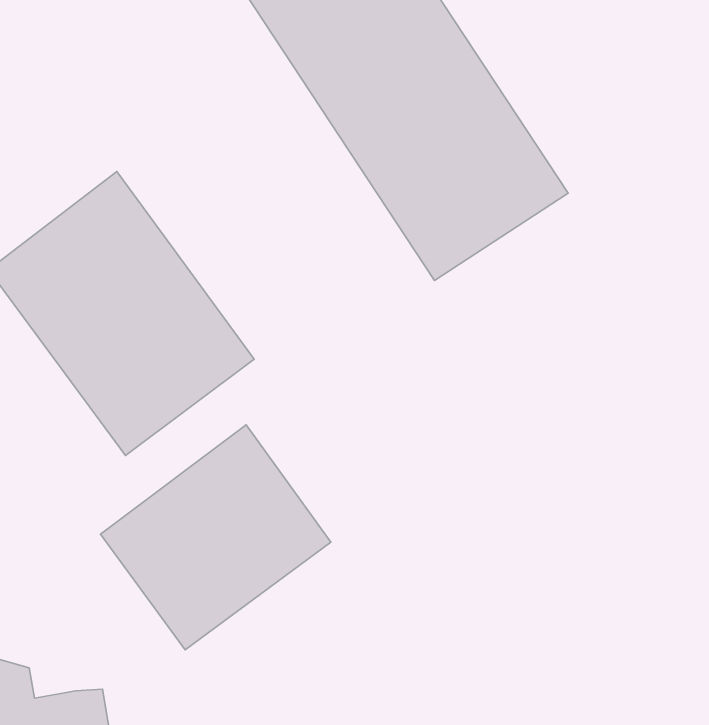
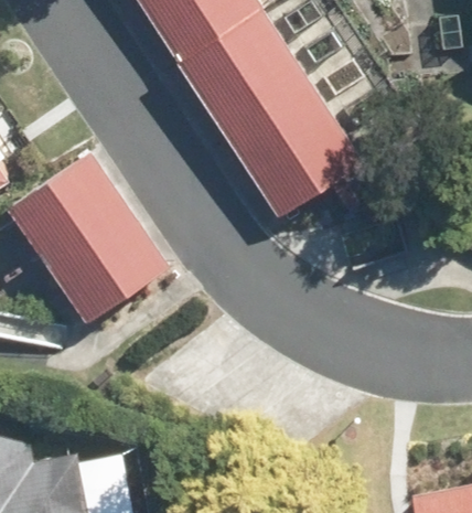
building: [100,425,331,650] -> none

